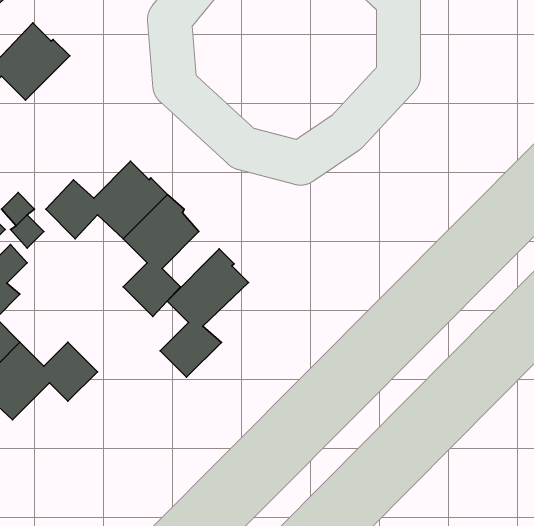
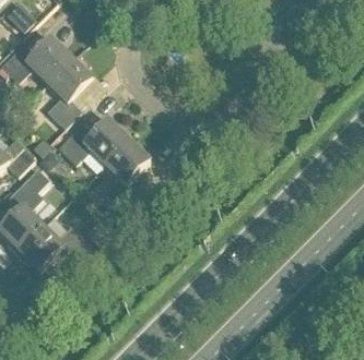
building: none -> [46,55,92,127]
building: [160,249,248,377] -> none

